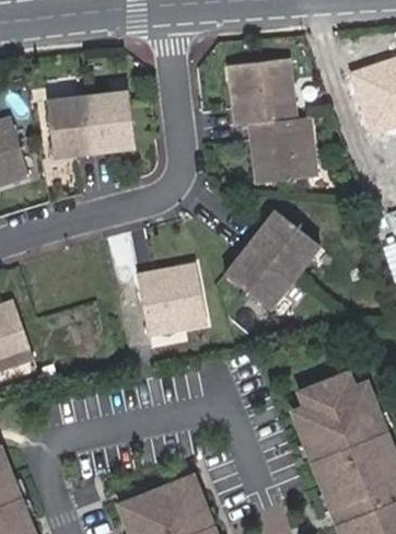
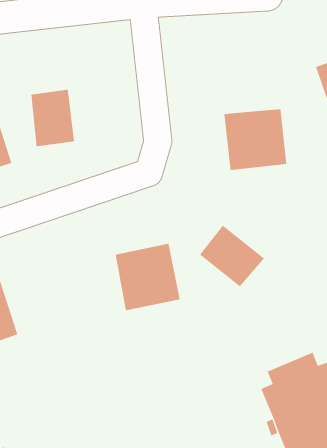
building: [232,59,299,125] -> none
building: [86,93,133,153] -> none
building: [251,210,321,278] -> none

